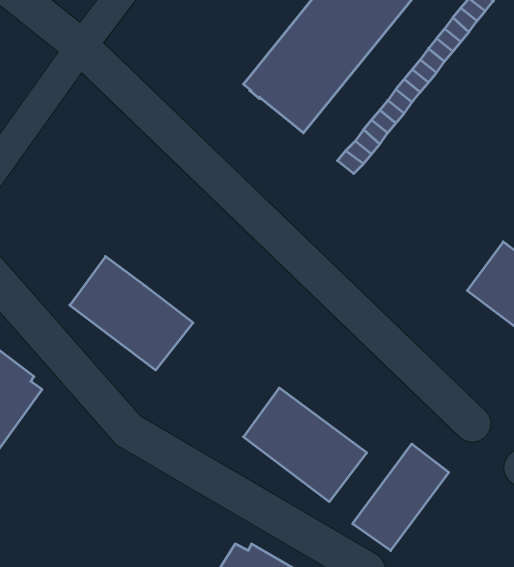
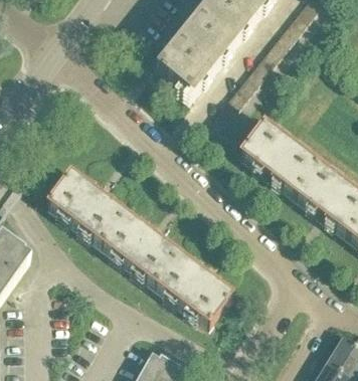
building: none -> [237,122,314,192]
building: none -> [99,212,175,282]
building: [353,444,449,551] -> none

